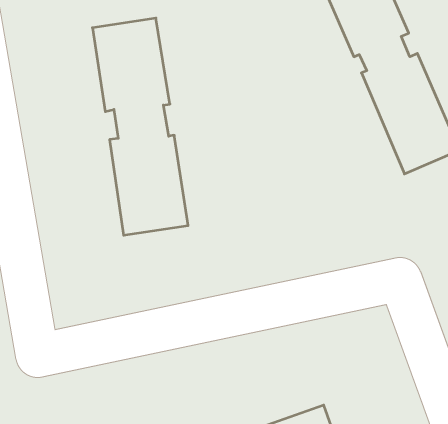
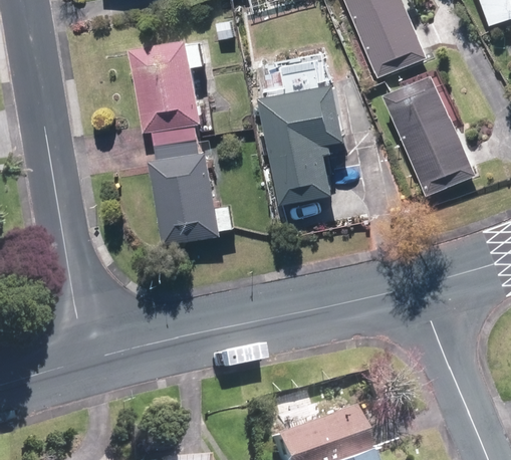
building: none -> [260,62,344,202]

